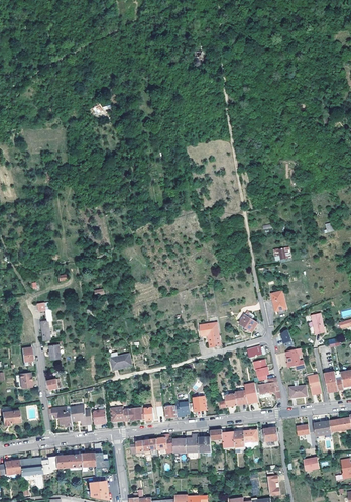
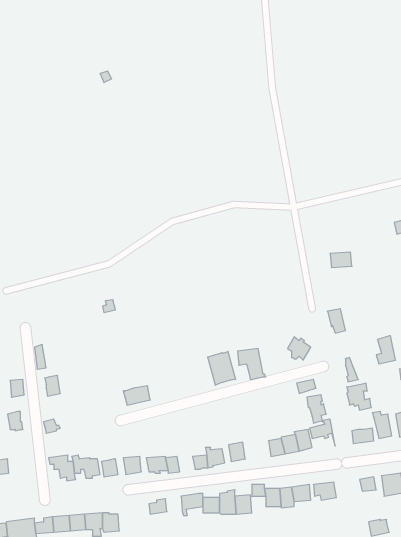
building: none -> [208,351,236,385]

